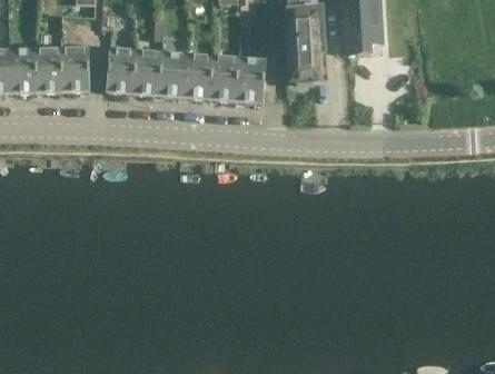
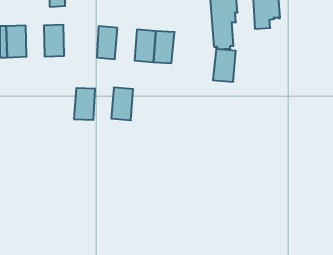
building: [36,49,61,91] -> none
building: [106,49,135,92] -> [74,88,95,120]
building: [157,52,187,97] -> [111,88,133,120]
building: [234,58,265,102] -> [213,49,236,82]

